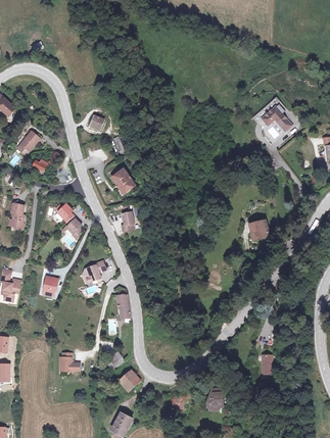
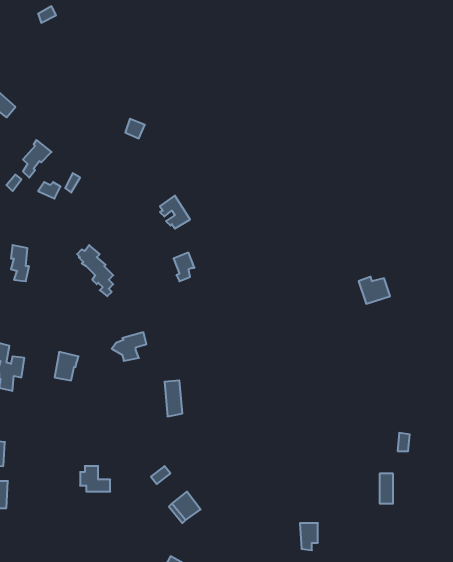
building: [260,104,291,132] -> none

